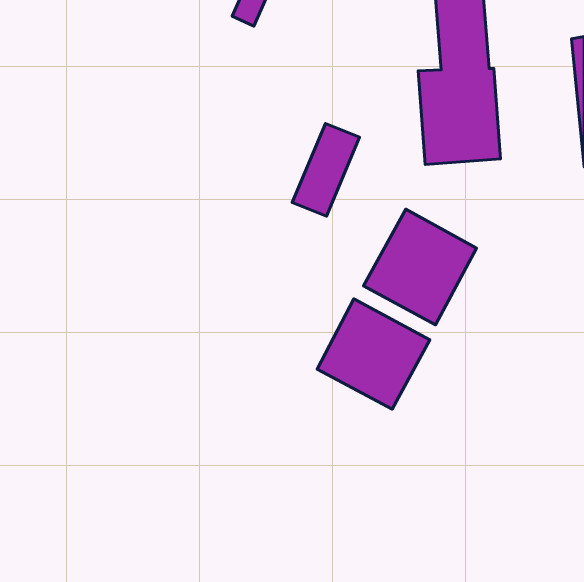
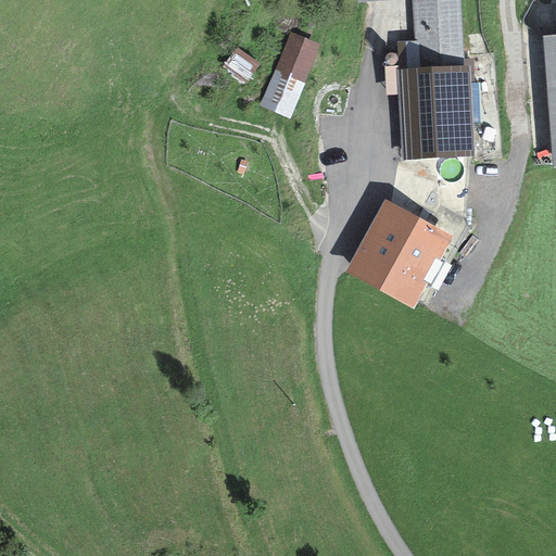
building: [292,123,360,216] -> [260,30,324,118]
building: [317,299,430,409] -> none

